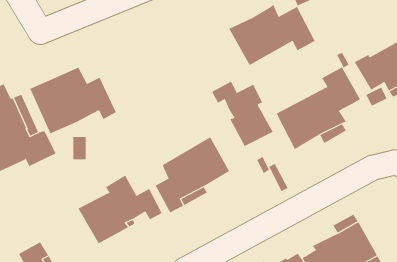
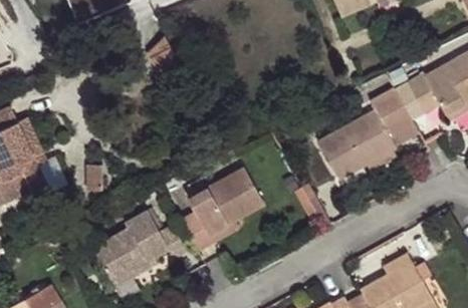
building: [228,4,316,66] -> none
building: [30,67,116,134] -> none
building: [212,81,273,147] -> none

